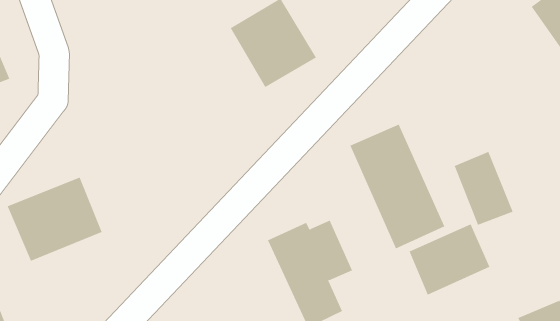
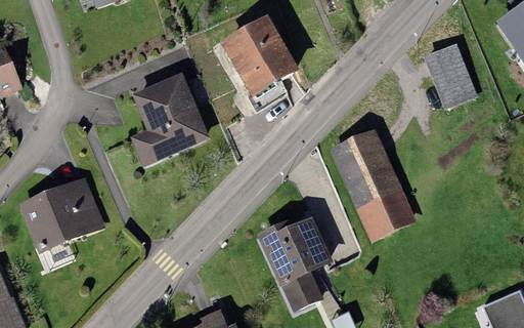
building: none -> [131,72,210,166]
building: [454,151,513,226] -> [424,41,478,109]
building: [409,224,490,296] -> none

